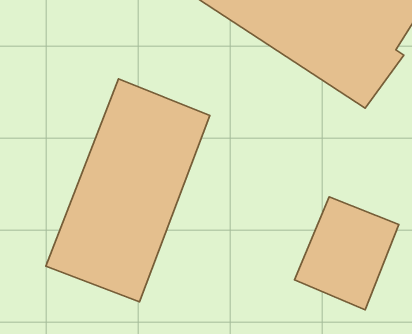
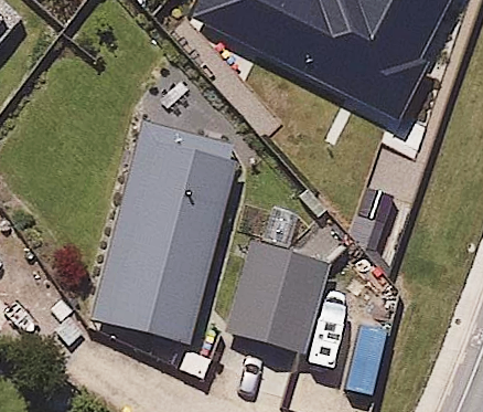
building: [295,197,399,310] -> [227,241,326,351]

